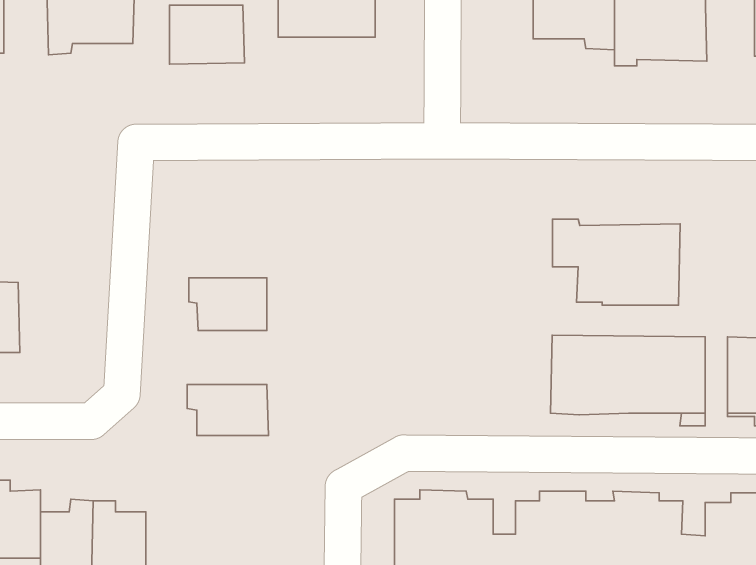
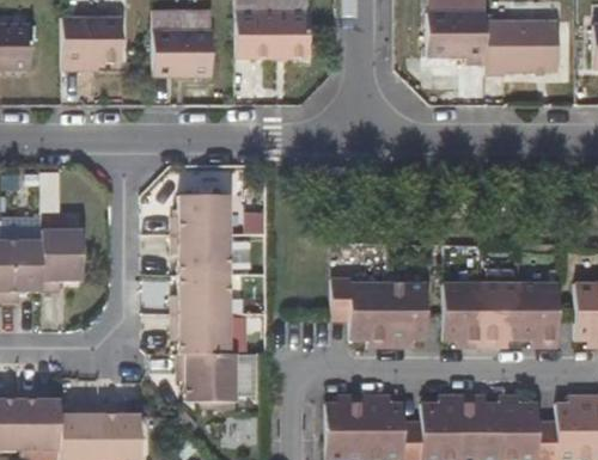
building: [553,219,680,305] -> [330,274,426,338]
building: none -> [170,197,228,235]
building: none -> [42,228,81,292]
building: none -> [169,275,228,315]
building: none -> [176,354,236,400]

